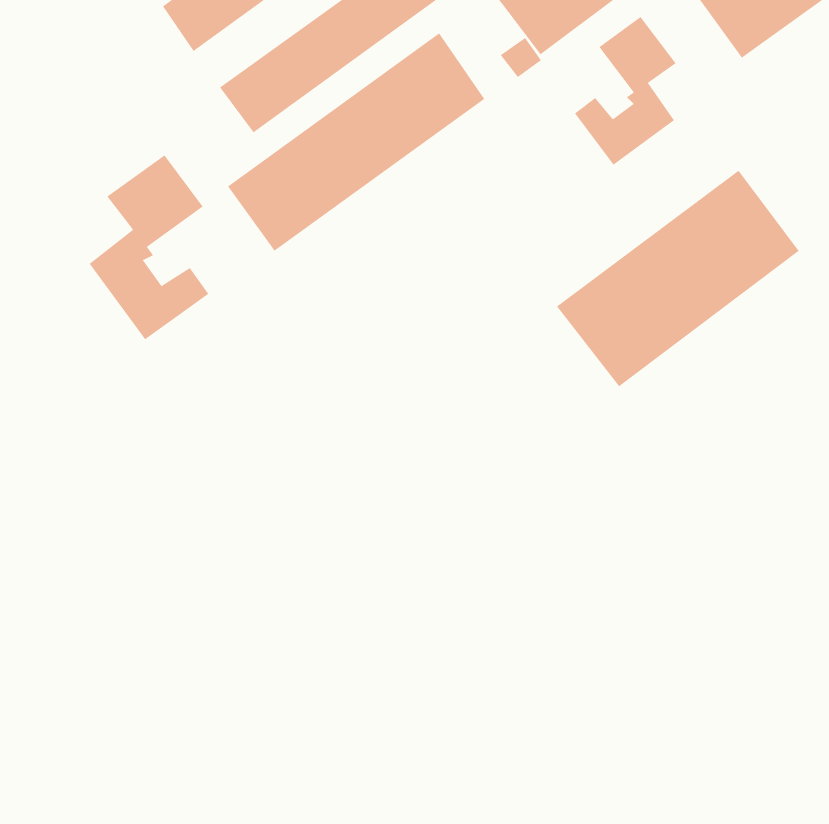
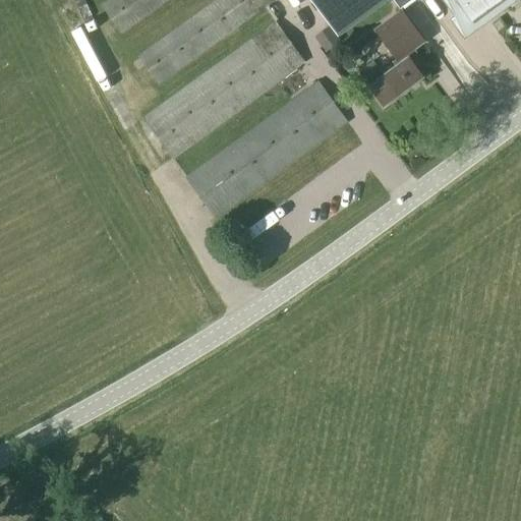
building: none -> [185,79,347,219]
building: [89,155,209,340] -> none
building: [556,170,800,387] -> none

